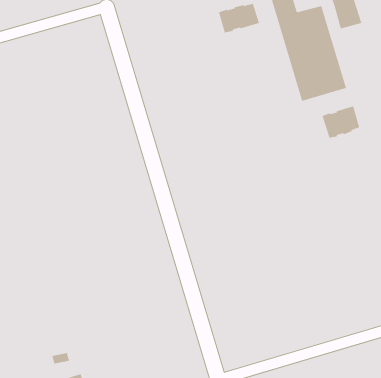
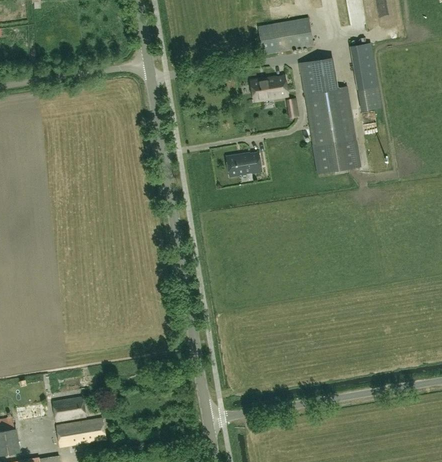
building: none -> [227,150,262,175]
building: [322,105,360,139] -> none

